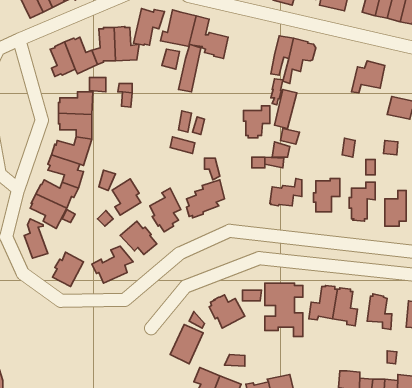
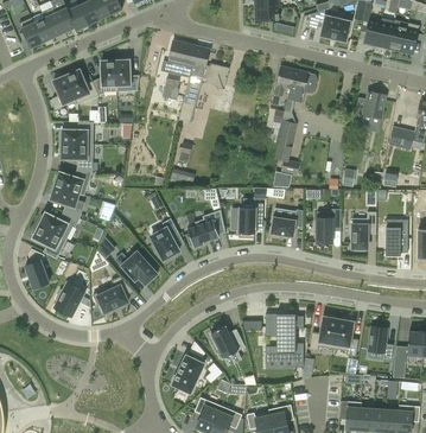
building: [133,9,164,45] -> none
building: [244,106,270,138] -> [236,203,262,235]
building: [112,179,141,215] -> none

